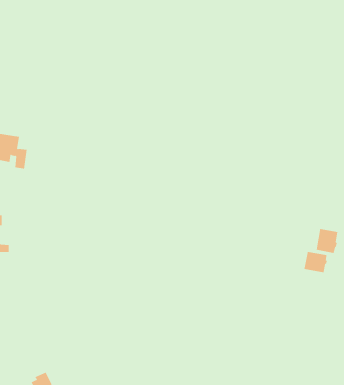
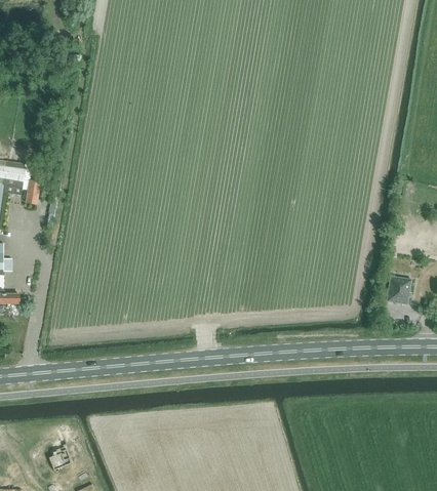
building: [304,251,327,273] -> none

